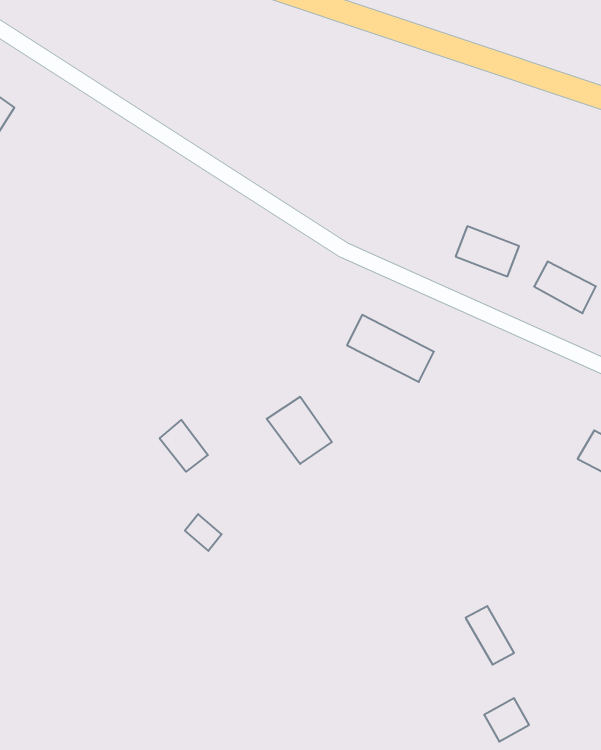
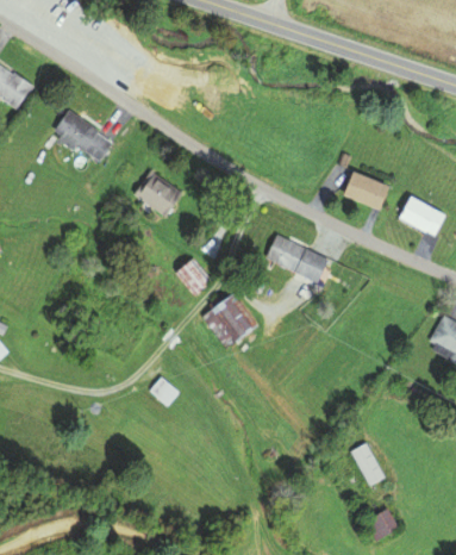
building: none -> [55,111,111,160]
building: none -> [136,173,183,217]
building: [160,420,208,472] -> [176,258,211,295]

